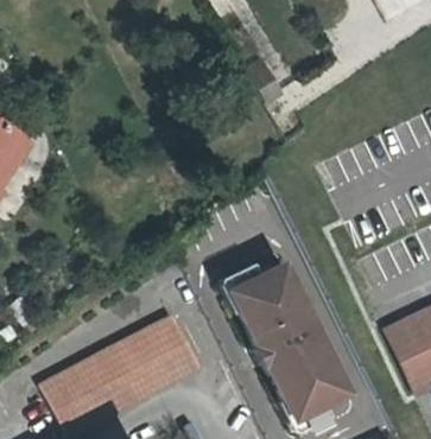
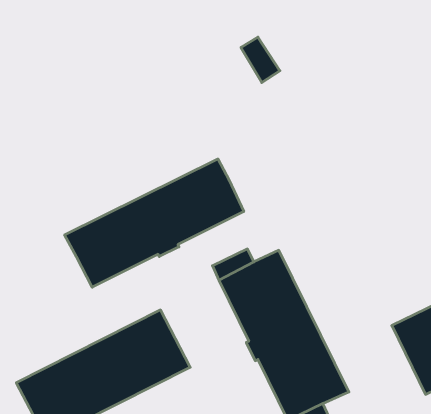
building: none -> [65,159,244,287]

